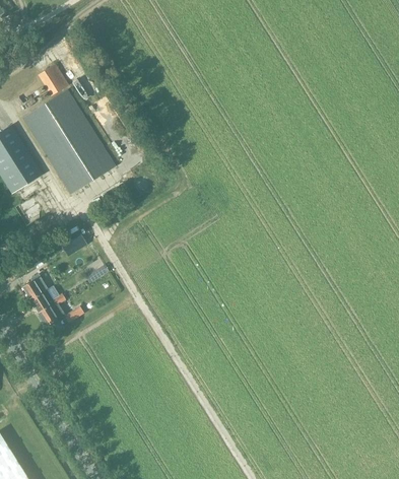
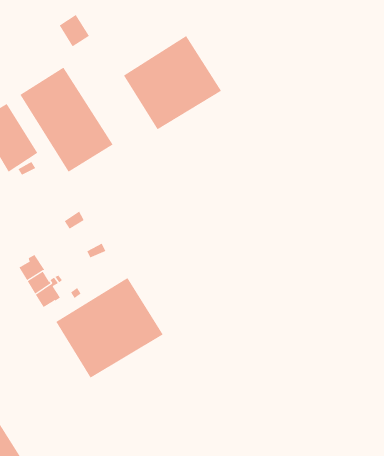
building: none -> [123,35,222,130]
building: [38,63,68,95] -> [59,14,90,47]
building: none -> [56,277,164,379]

